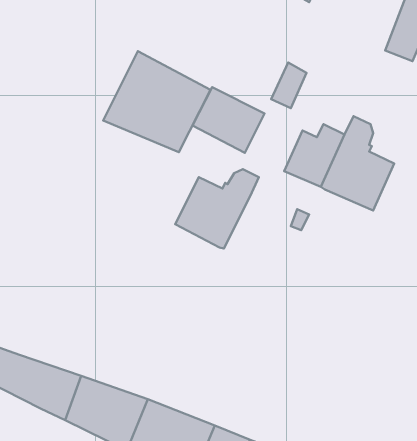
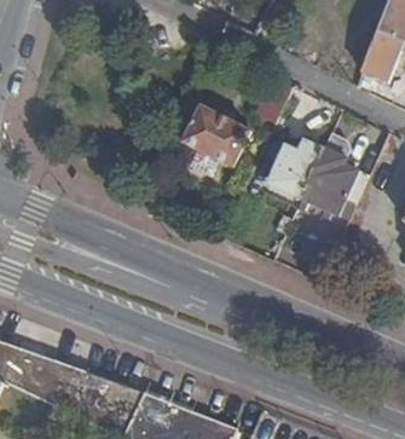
building: [103,51,210,152] -> none
building: [175,169,259,249] -> none

